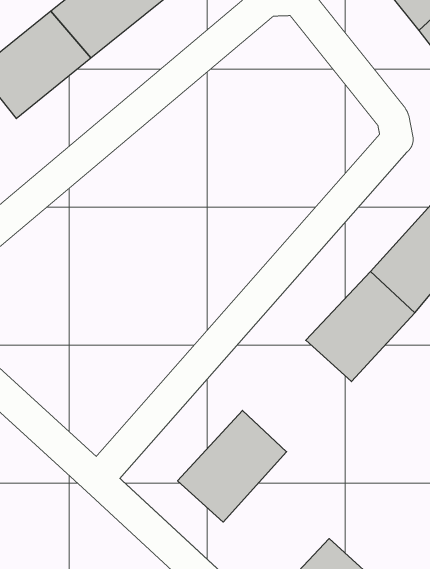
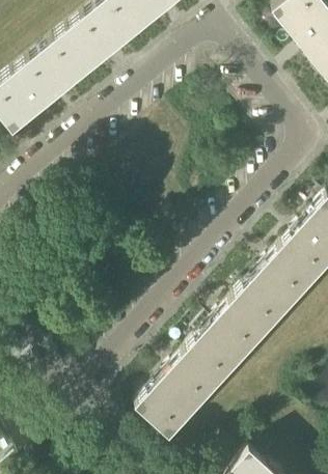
building: none -> [184,301,266,385]

